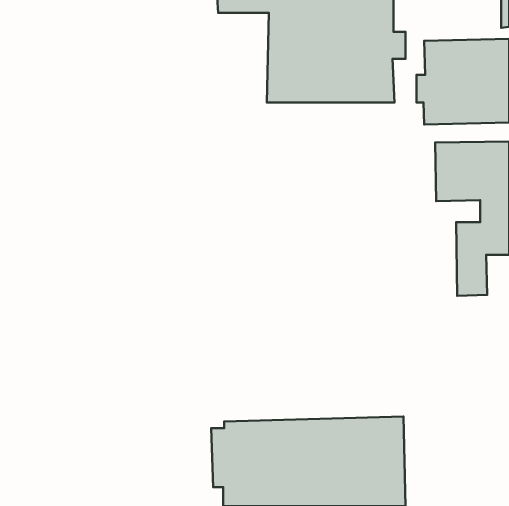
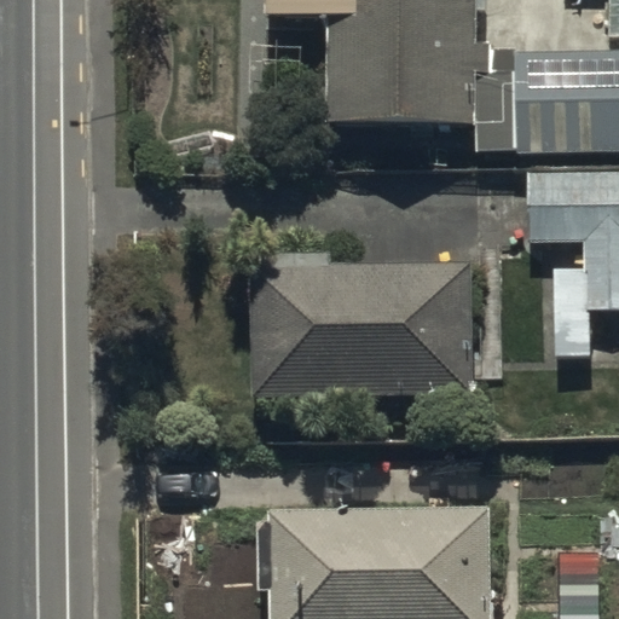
building: none -> [254,251,474,400]

